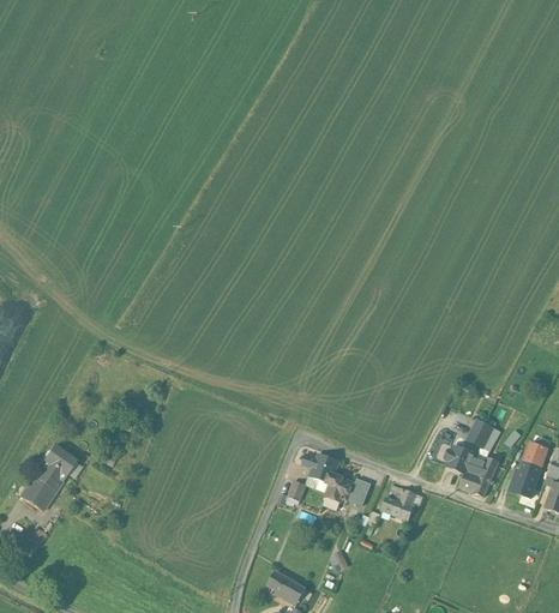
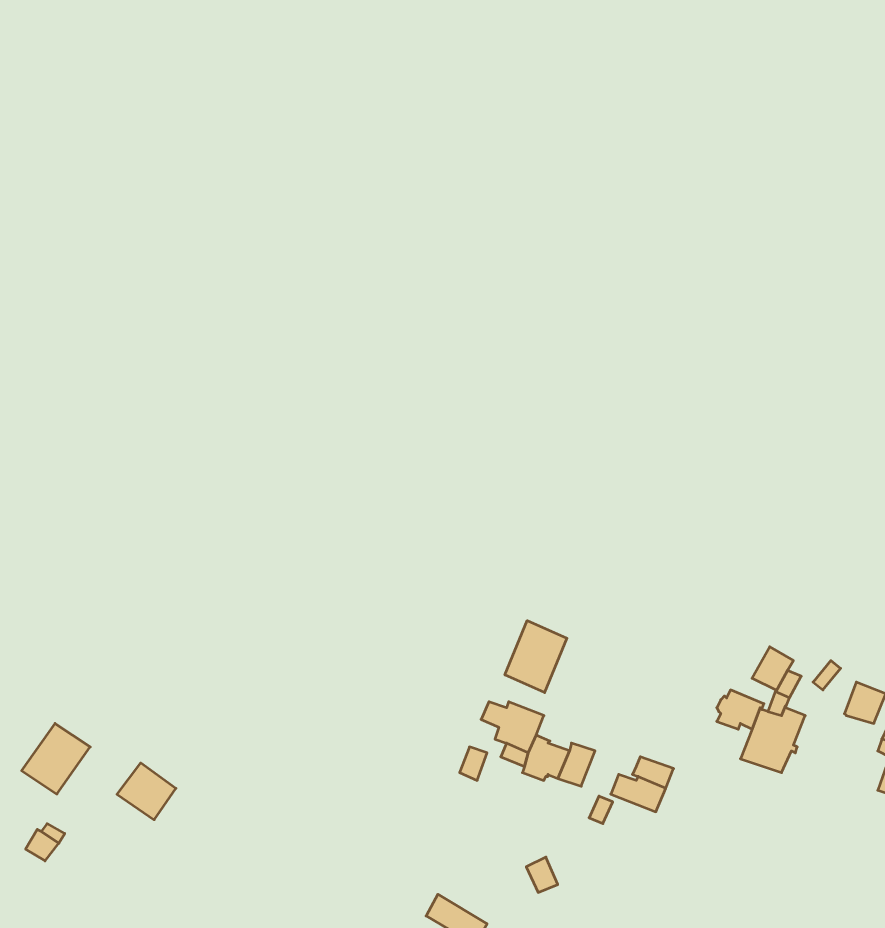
building: none -> [505,621,567,693]
building: [40,445,76,480] -> [117,763,176,820]
building: [511,461,542,497] -> none

